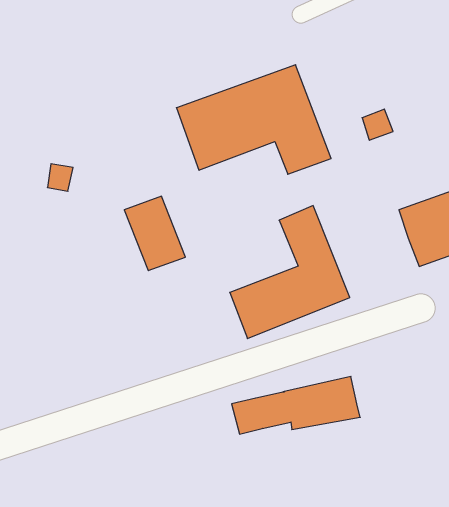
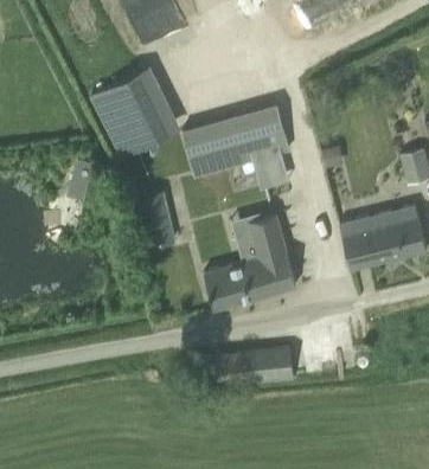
building: none -> [85,66,172,156]

